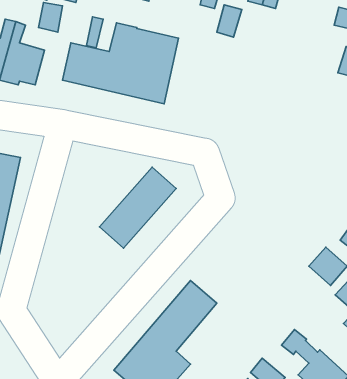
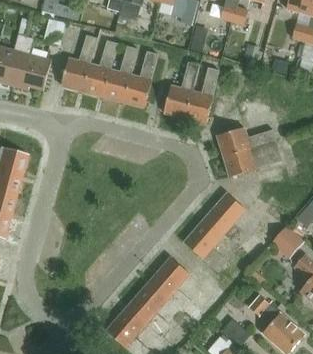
building: none -> [165,60,224,123]
building: none -> [219,125,284,176]
building: [100,167,176,248] -> [185,191,249,259]

